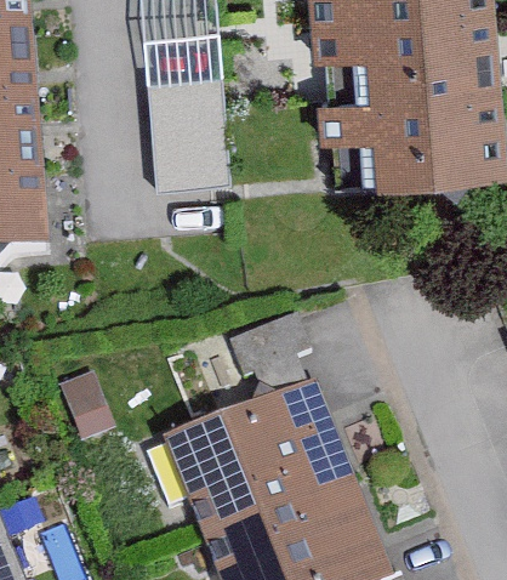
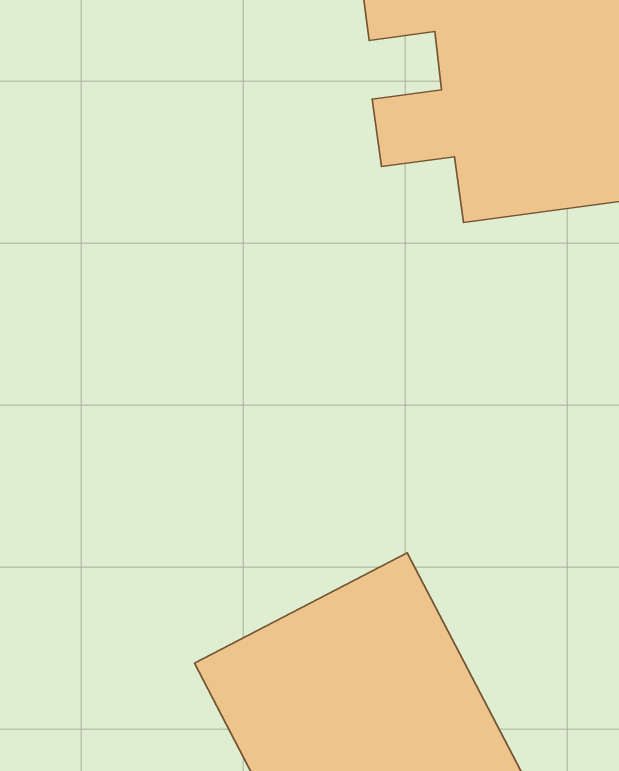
building: [147,35,221,189] -> none

